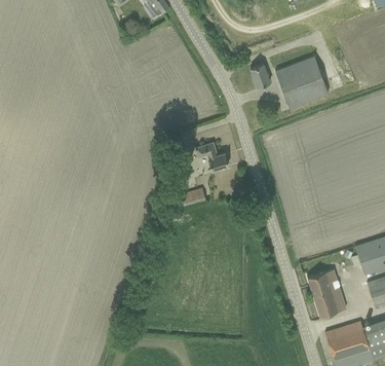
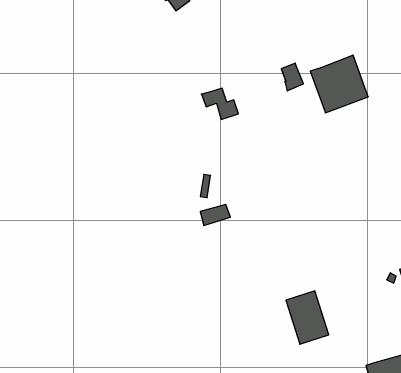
building: [195,142,228,170] -> [201,88,238,119]
building: [308,268,346,316] -> [286,291,329,344]

